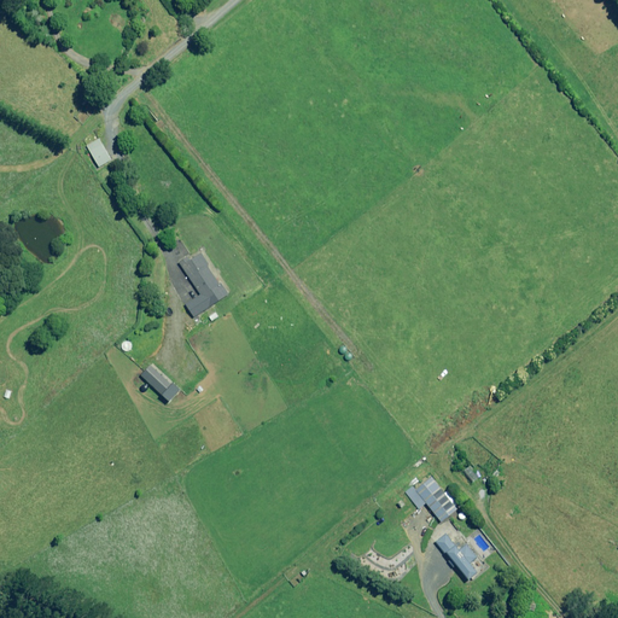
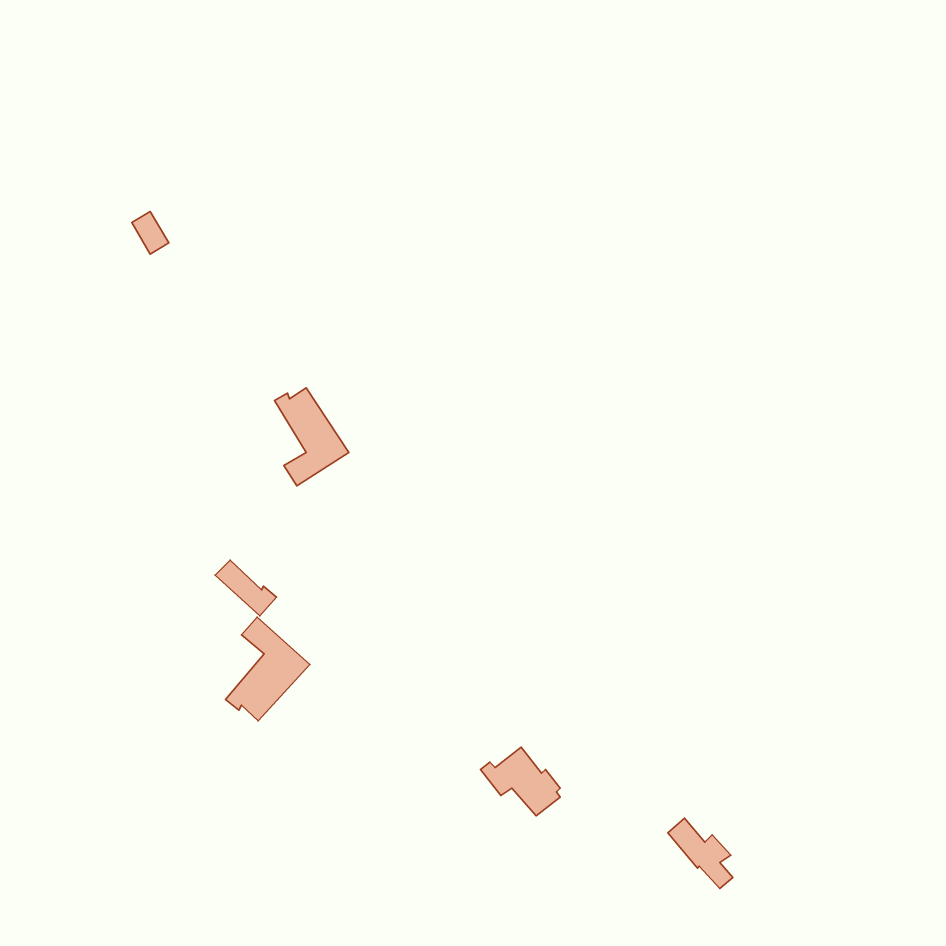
building: none -> [226,617,310,721]
building: [404,476,456,520] -> [480,747,560,816]

